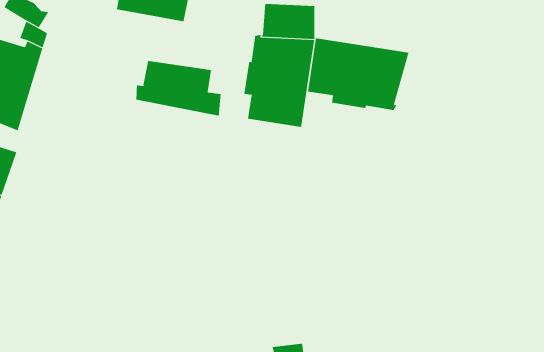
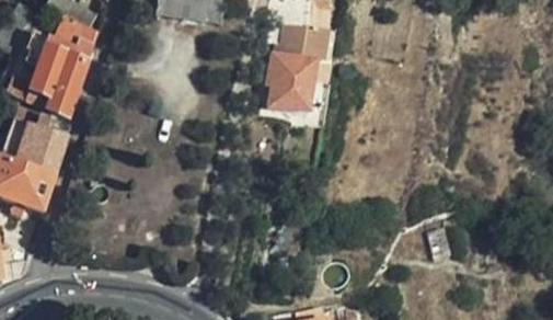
building: [307,38,409,111] -> none
building: [136,60,221,116] -> none

